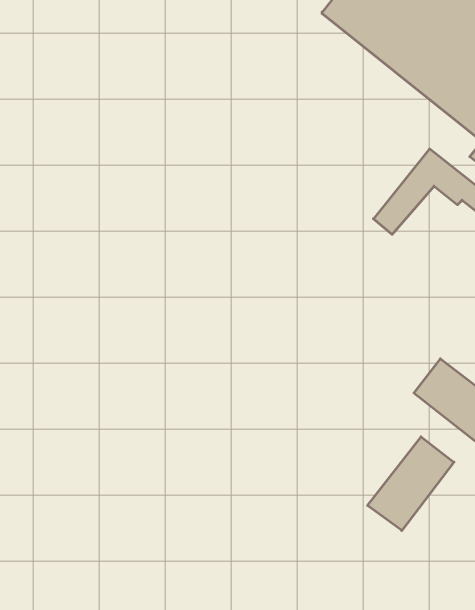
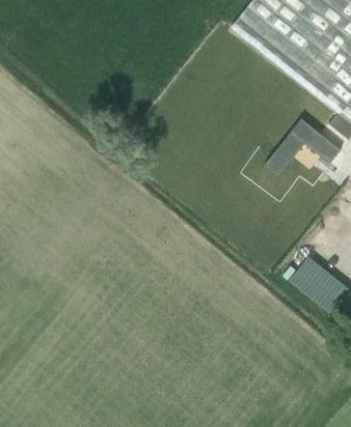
building: [368,437,454,531] -> none

